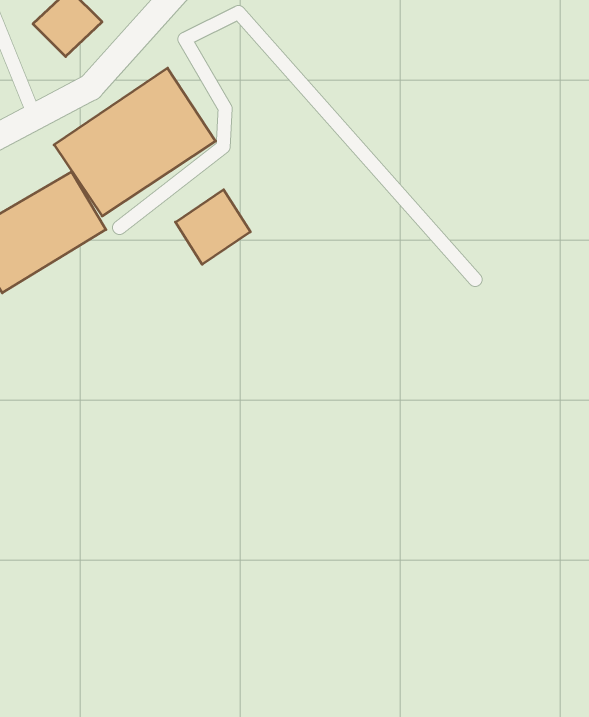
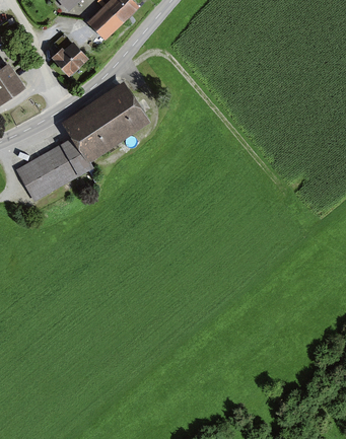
building: [175,190,250,264] -> none

